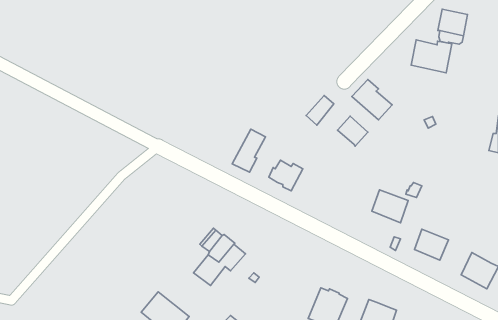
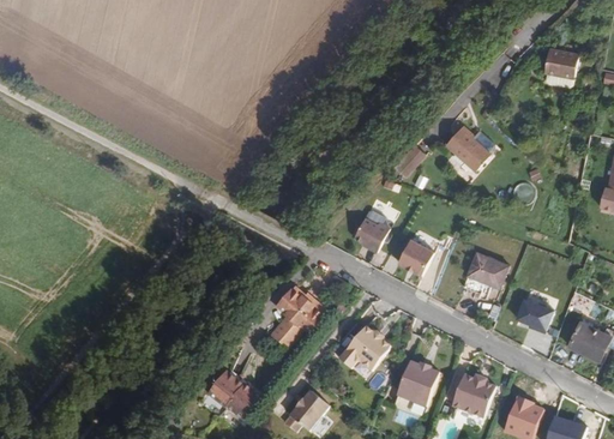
building: [411,40,452,73] -> none
building: [337,116,368,146] -> none
building: [232,129,266,172] -> none
building: none -> [398,237,434,275]
building: none -> [338,326,389,369]

